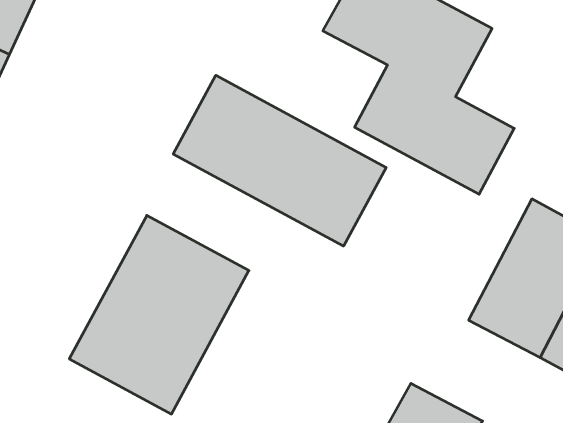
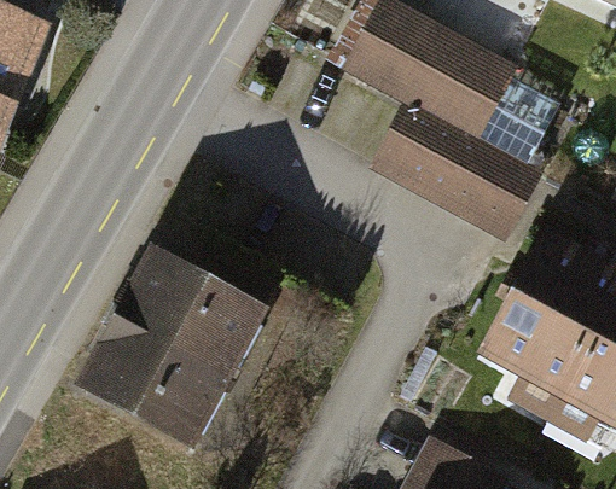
building: [173,75,386,246] -> none

